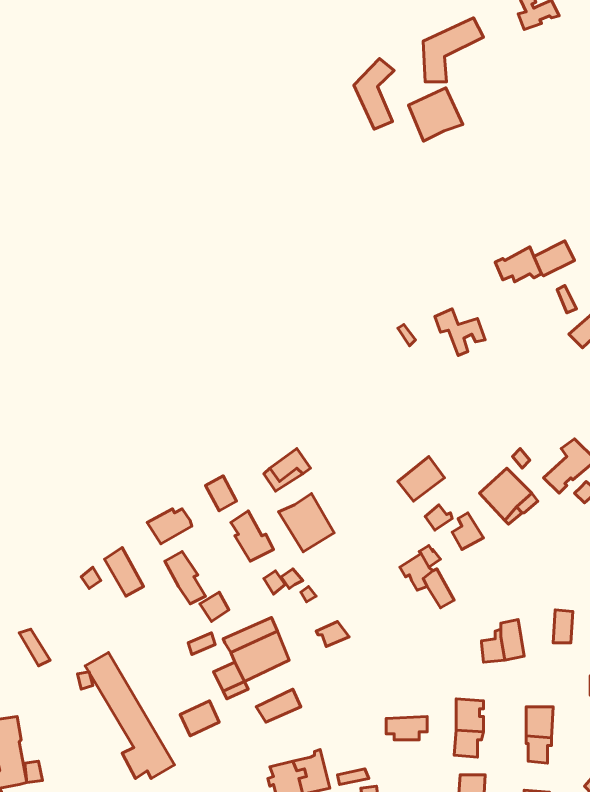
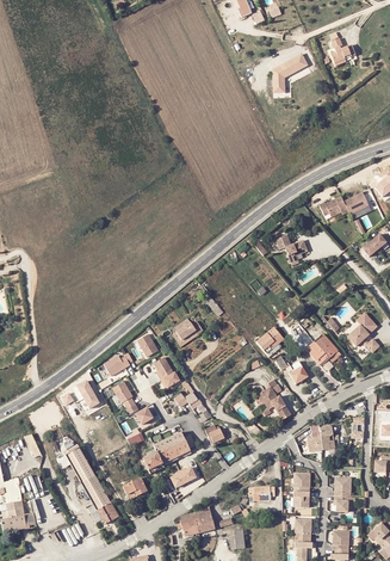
building: [354,59,394,129] -> none
building: [409,88,463,141] -> none
building: [278,493,334,552] -> none

